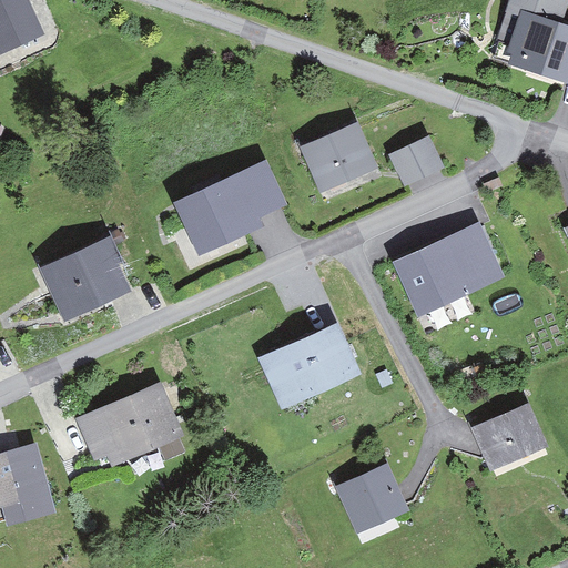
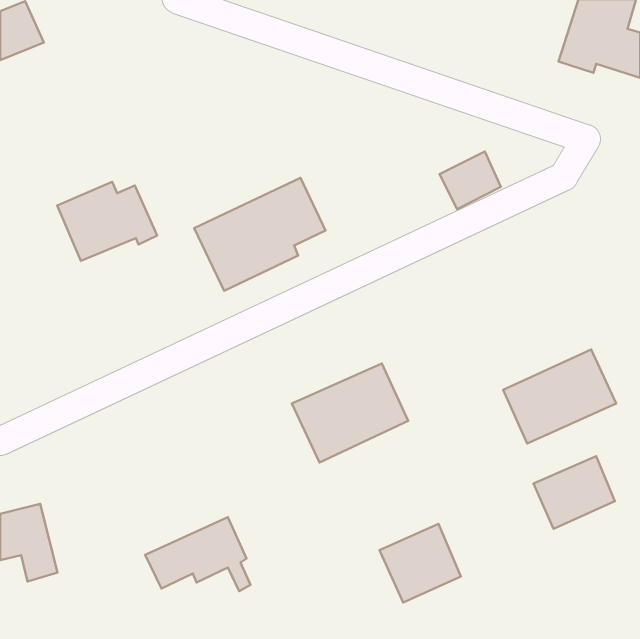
building: [301,120,381,192] -> none
building: [397,224,497,307] -> [503,350,616,444]
building: [42,247,131,317] -> [57,182,157,261]
building: [84,386,178,452] -> [145,517,250,591]

